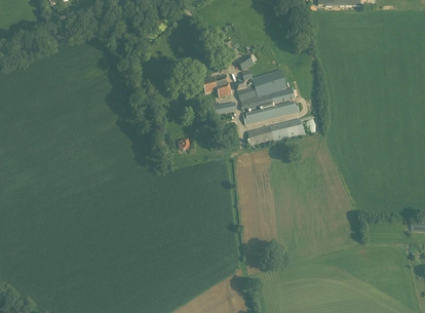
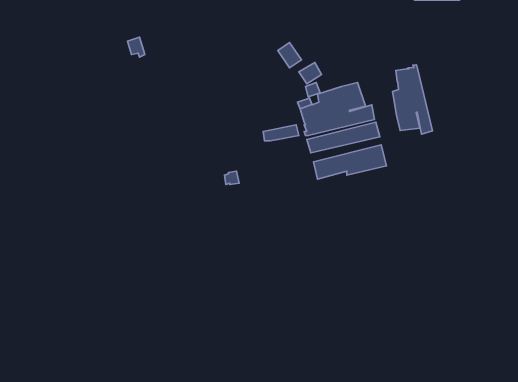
building: none -> [392,65,433,134]
building: [201,73,231,96] -> none

